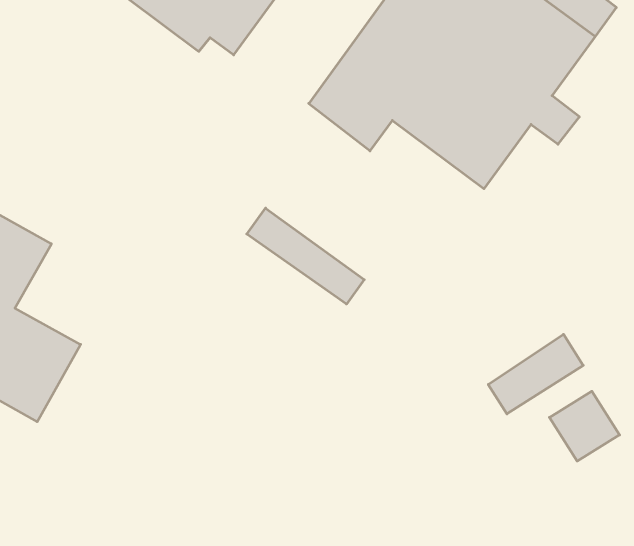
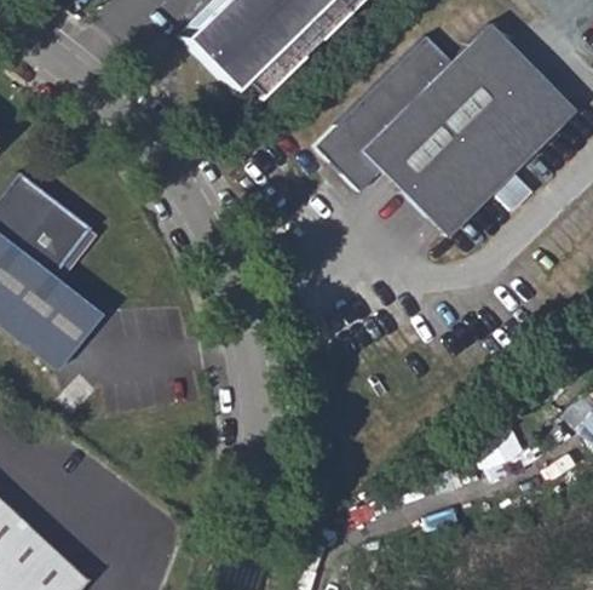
building: [247,208,364,304] -> none
building: [488,334,583,414] -> none

